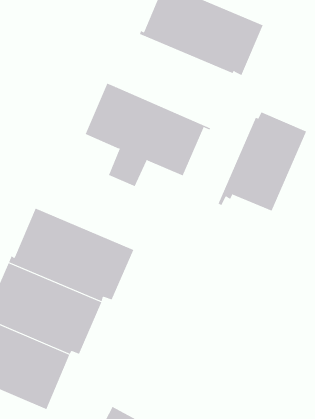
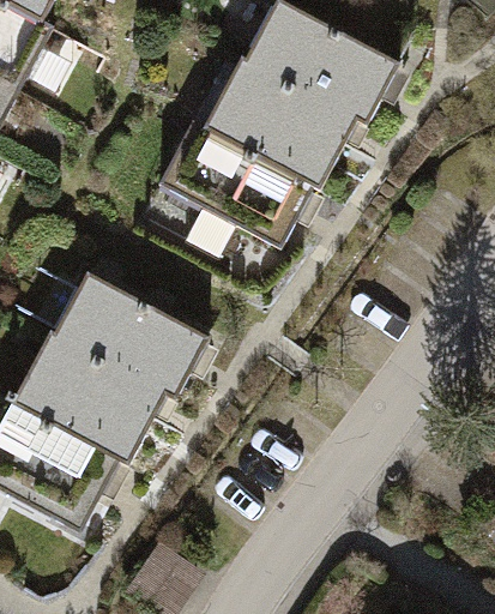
building: none -> [203,60,355,188]
building: [218,111,307,212] -> none

